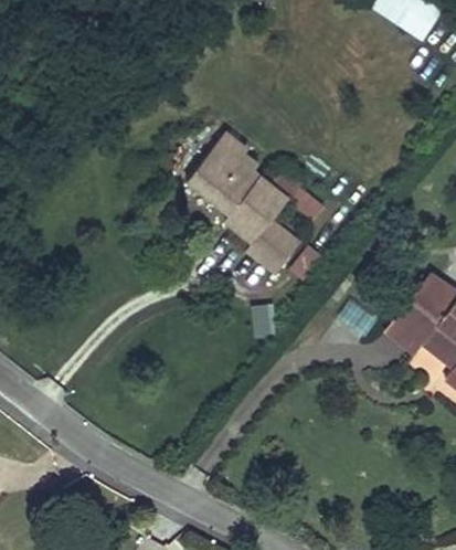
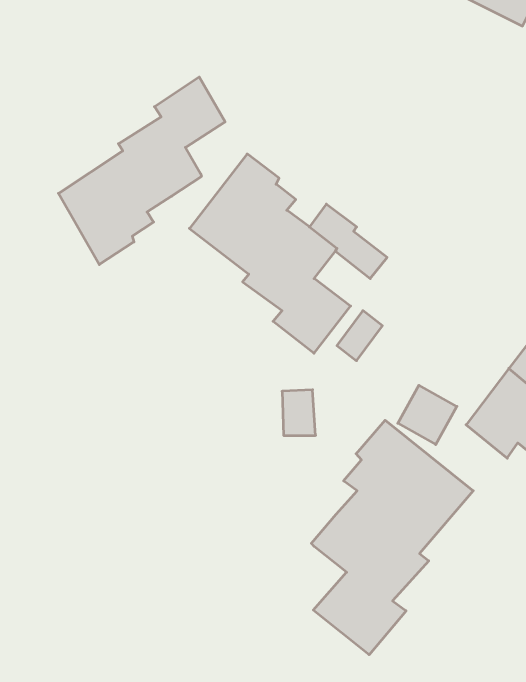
building: none -> [58,77,225,265]
building: none -> [311,420,473,655]

